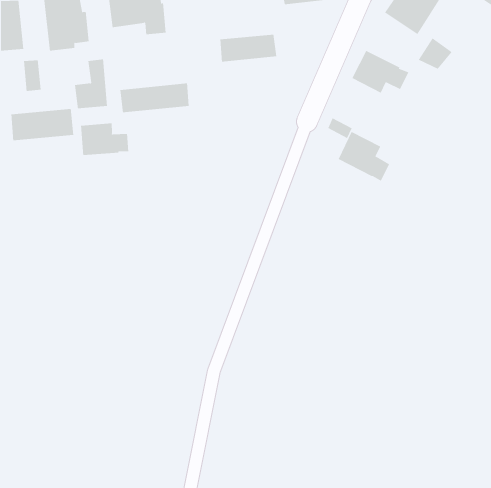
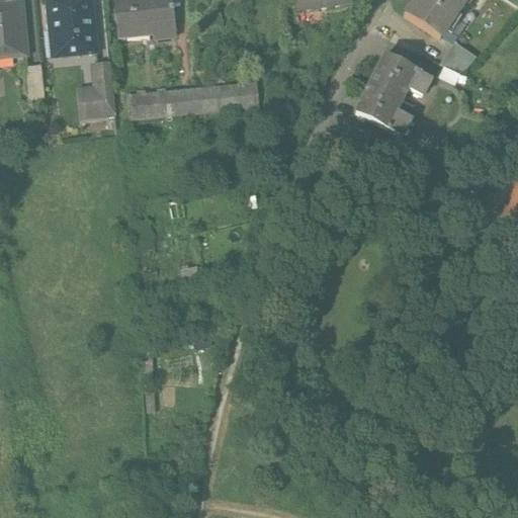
building: [219,34,277,62] -> [198,82,259,111]
building: [11,108,74,141] -> none
building: [80,123,129,156] -> none
building: [338,131,390,181] -> [356,82,411,135]

